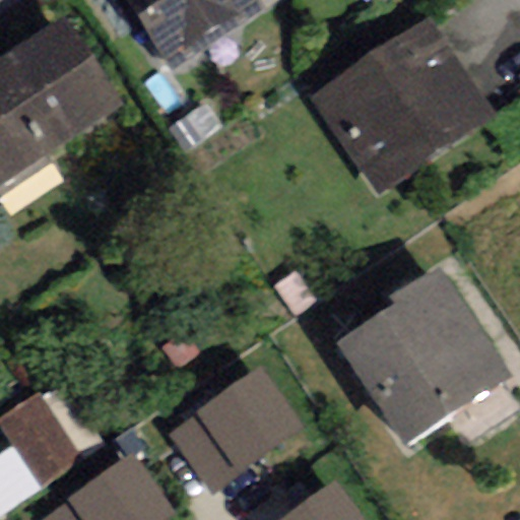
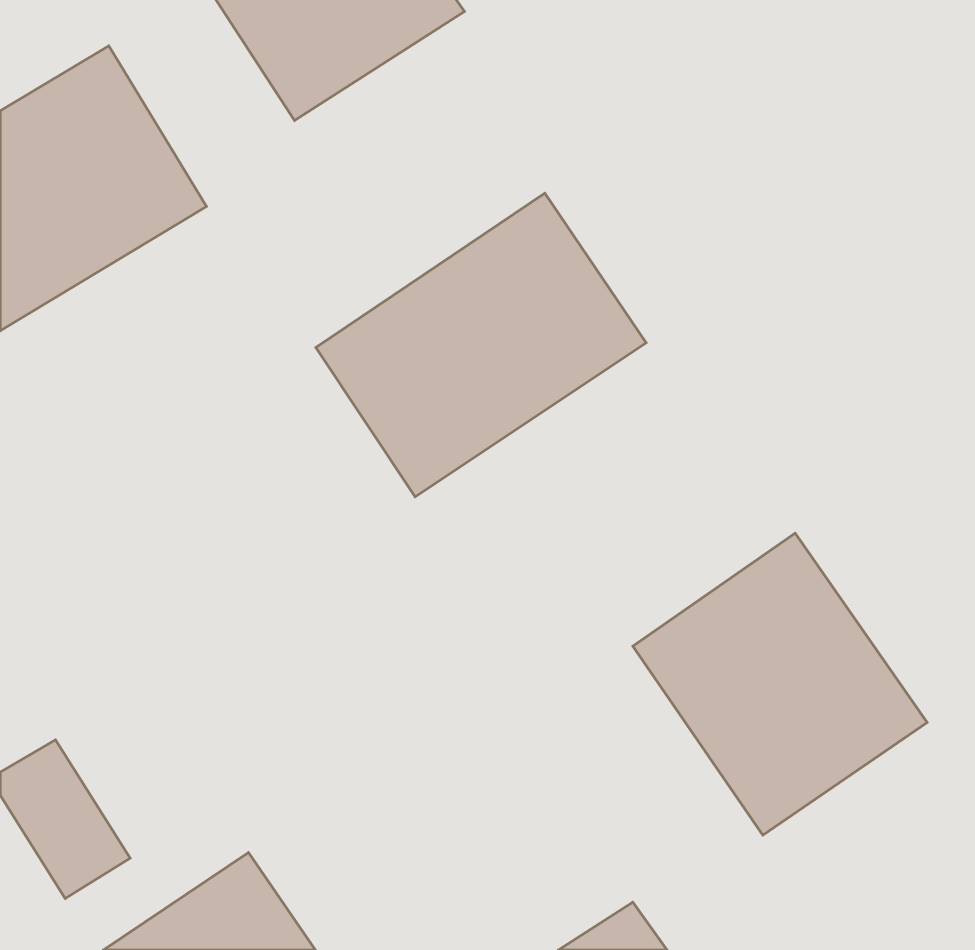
building: [324,30,479,181] -> none
building: none -> [316,193,646,497]
building: [171,366,305,490] -> none

